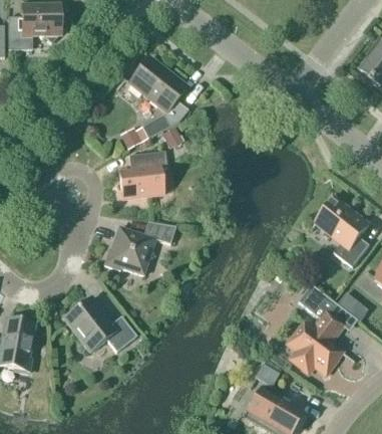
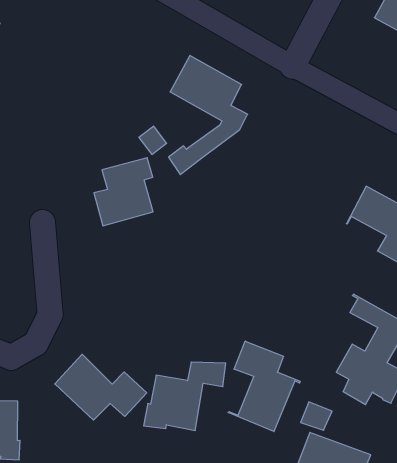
building: [119,56,186,149] -> [169,56,248,175]
building: [102,221,174,275] -> [144,362,226,430]
building: none -> [228,341,300,432]

